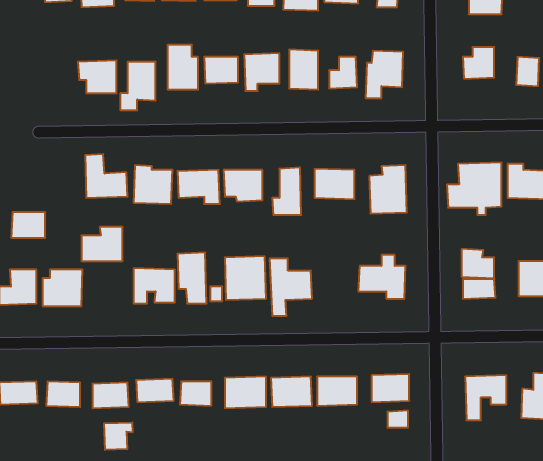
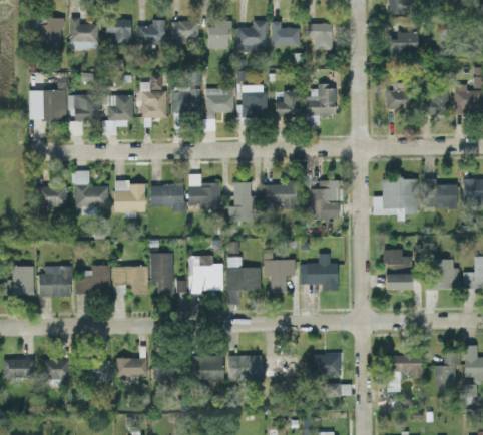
building: none -> [28,90,66,121]
building: [11,212,45,238] -> [38,186,66,207]
building: [81,227,123,261] -> [75,266,109,294]
building: none -> [263,260,295,292]
building: [104,422,133,450] -> none

